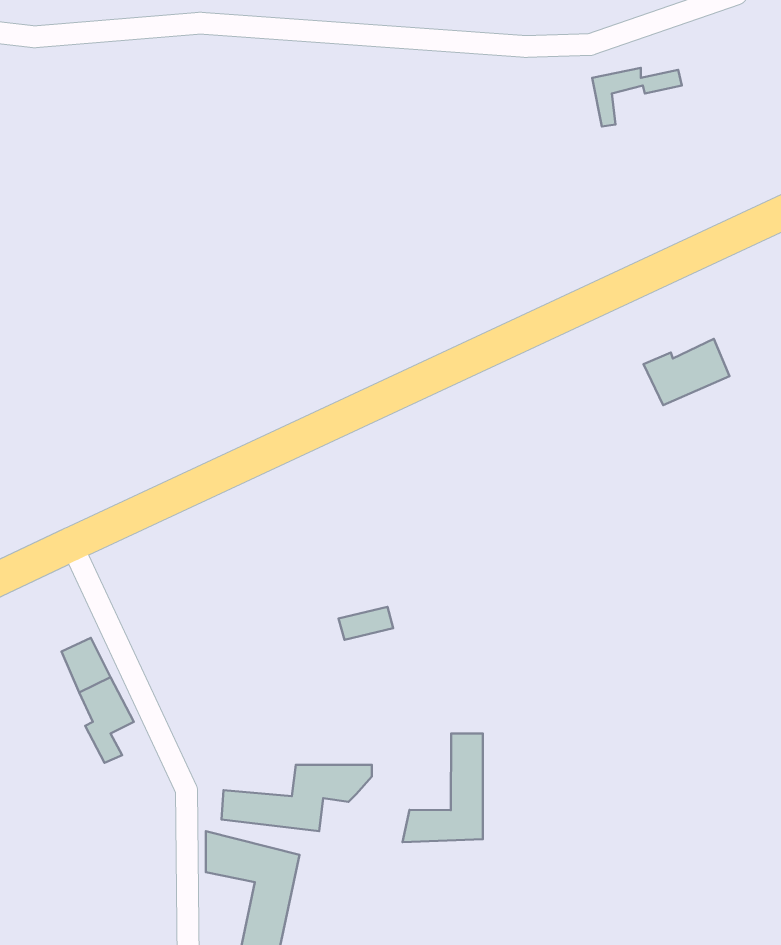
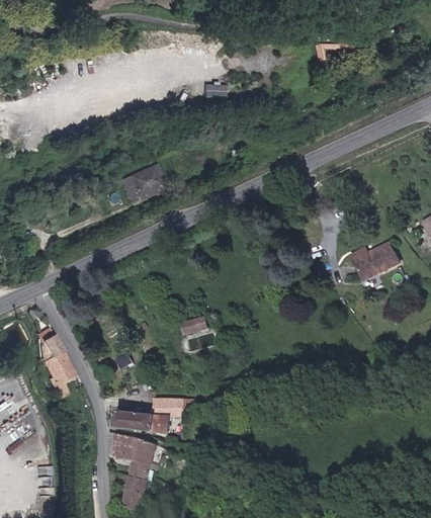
building: none -> [121,165,166,199]
building: [644,339,729,405] -> [355,242,400,276]
building: [403,733,483,842] -> none

